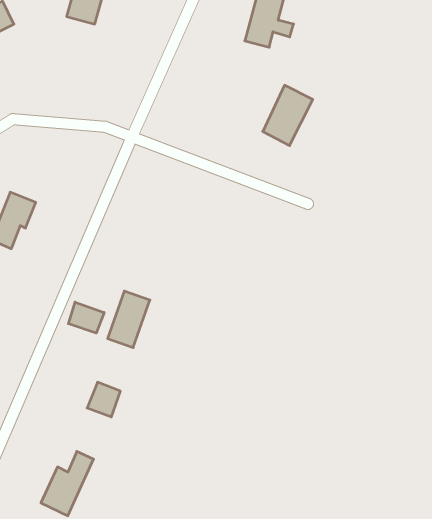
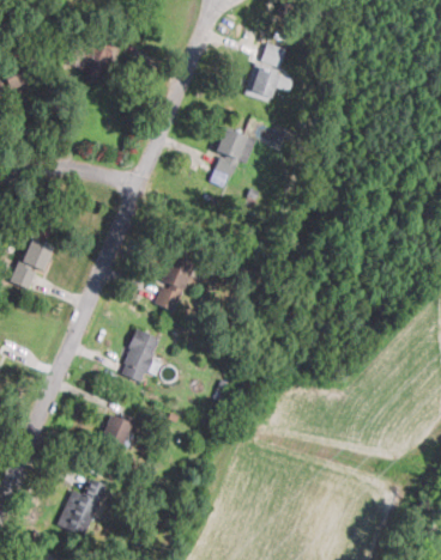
building: [263,85,313,146] -> [211,127,258,183]
building: none -> [157,254,192,308]
building: [68,302,104,333] -> none

